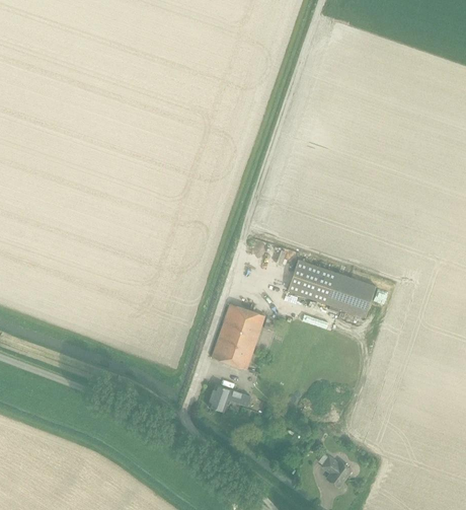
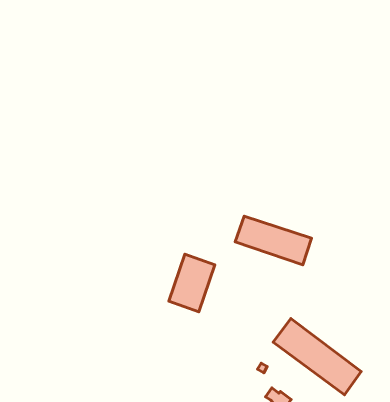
building: none -> [273,319,361,395]
building: [208,384,250,411] -> none

